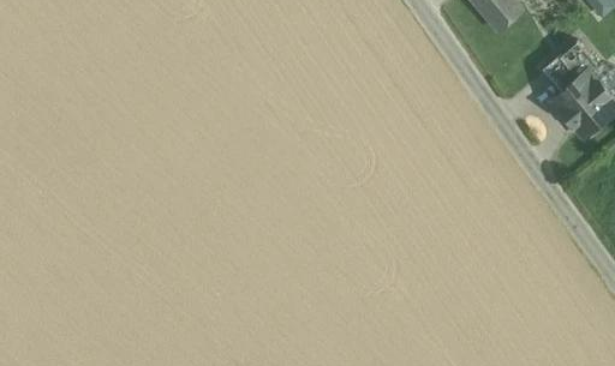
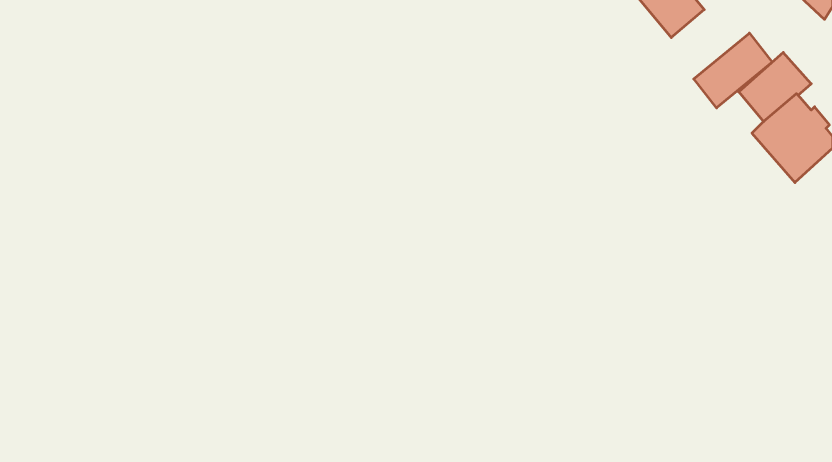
building: none -> [694,33,772,108]

